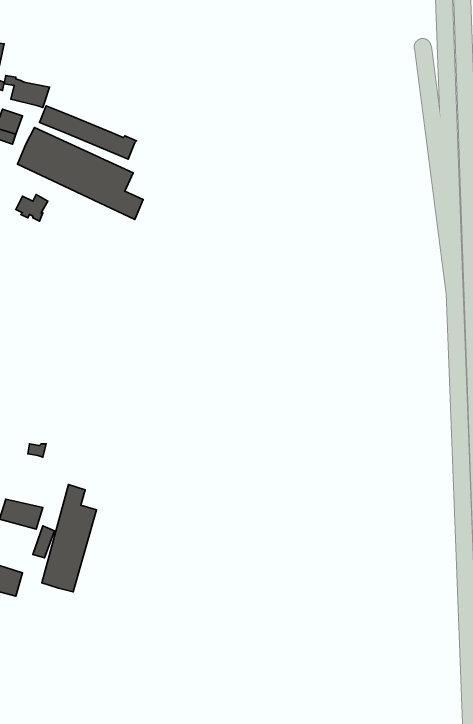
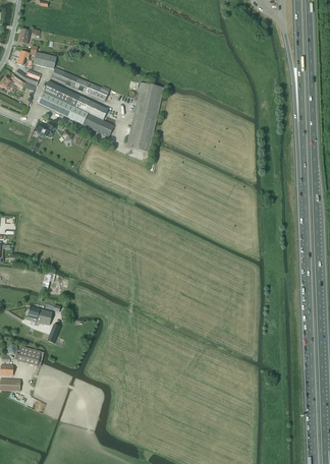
building: none -> [126,81,164,151]
building: [42,485,97,592] -> none

